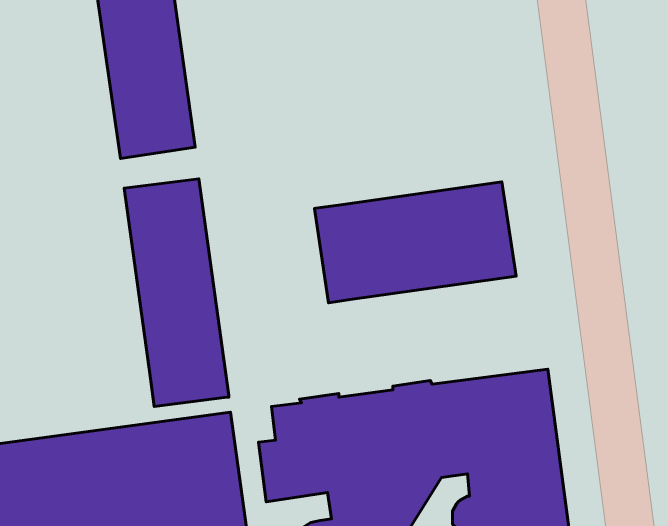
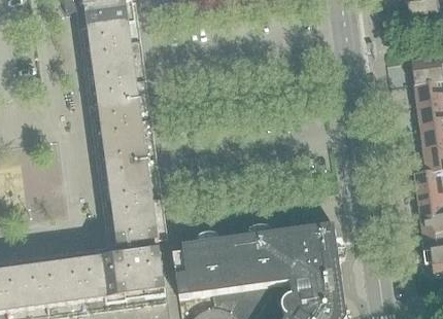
building: none -> [98,99,141,121]
building: [314,182,516,303] -> none

